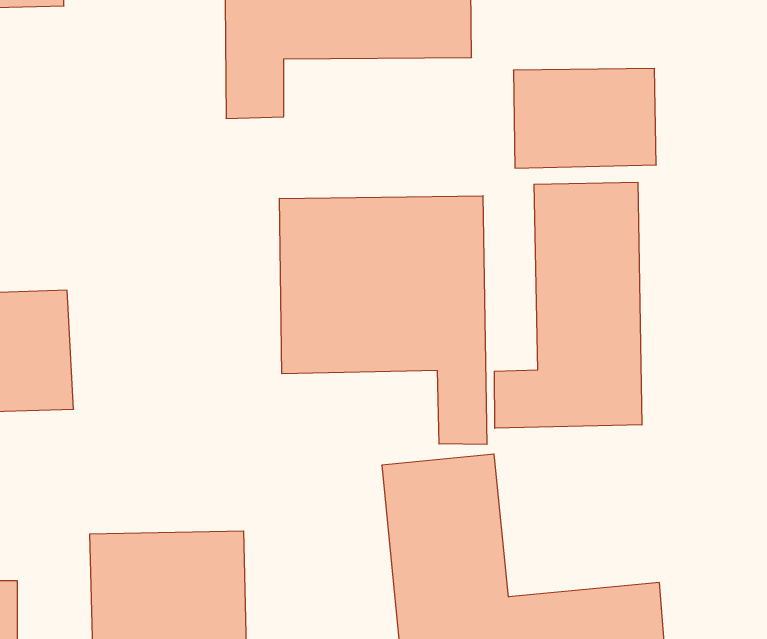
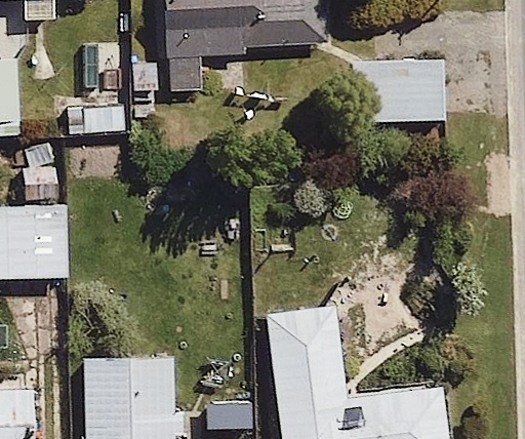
building: [494,182,642,428] -> none
building: [279,196,487,444] -> none

